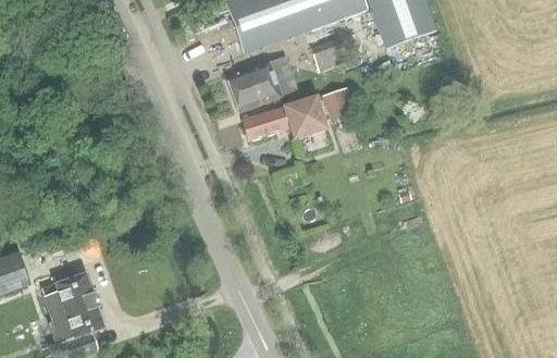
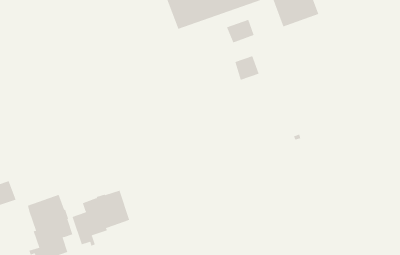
building: [225,57,297,113] -> none
building: [242,98,325,141] -> none
building: none -> [72,190,130,246]

